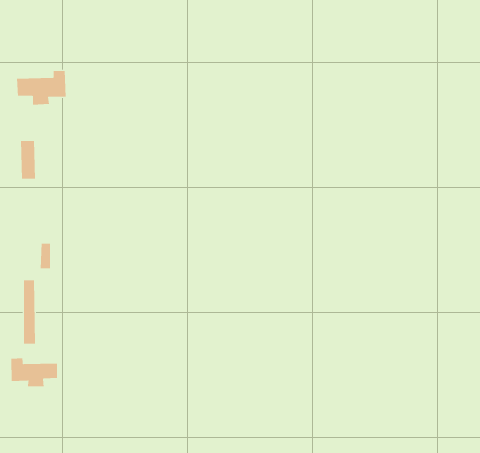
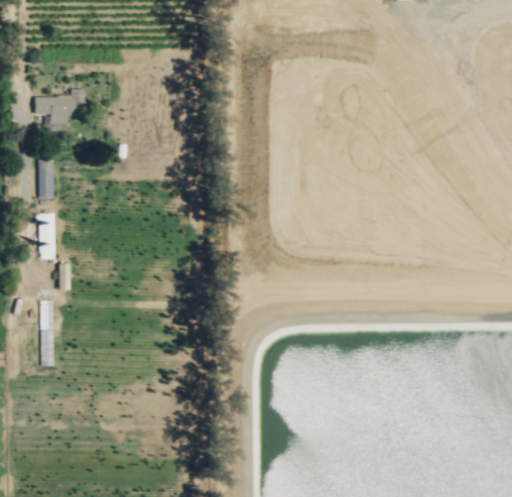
building: none -> [38,214,55,259]
building: [11,357,58,387] -> none

